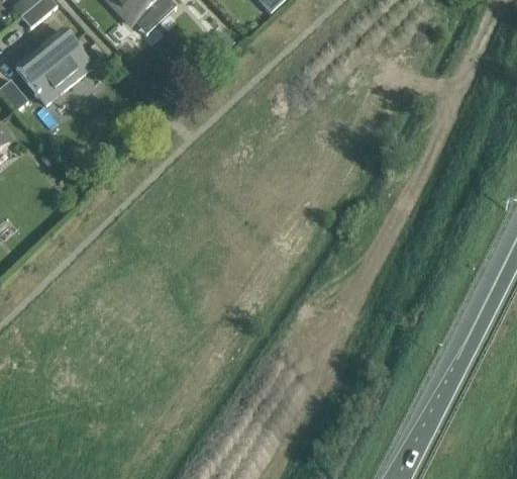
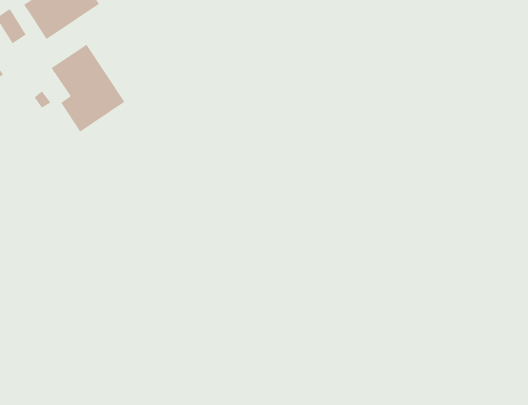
building: none -> [42,44,125,133]

